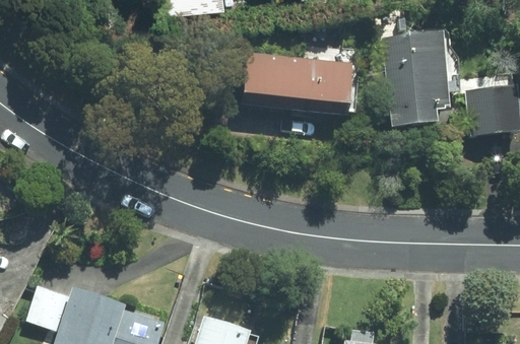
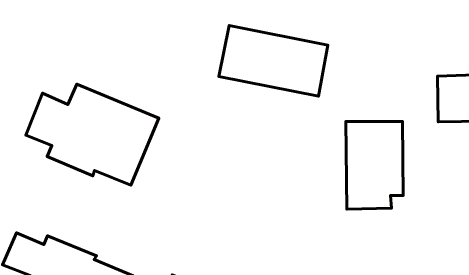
building: [384,37,449,132] -> [346,121,403,209]
building: none -> [26,84,159,185]

